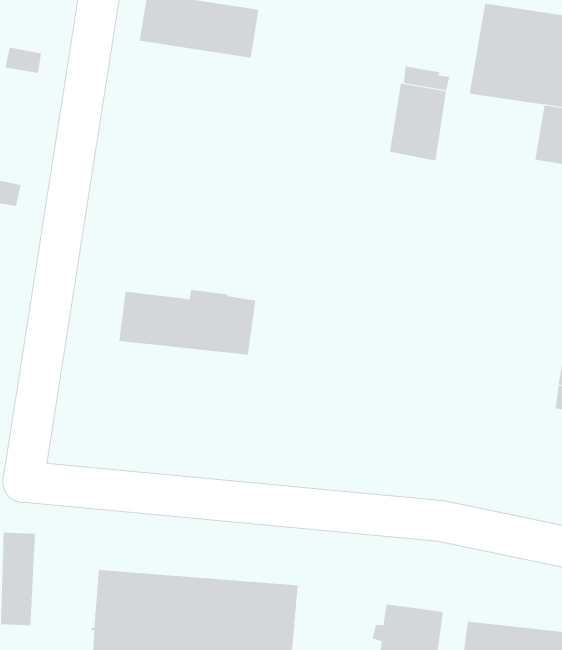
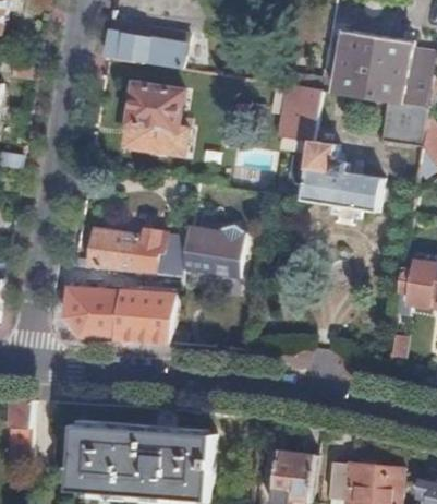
building: none -> [126,85,186,153]
building: none -> [301,140,380,211]
building: none -> [181,221,245,277]
building: none -> [62,279,178,343]

